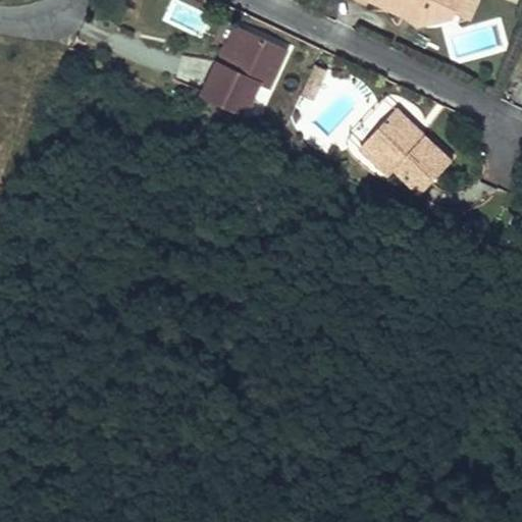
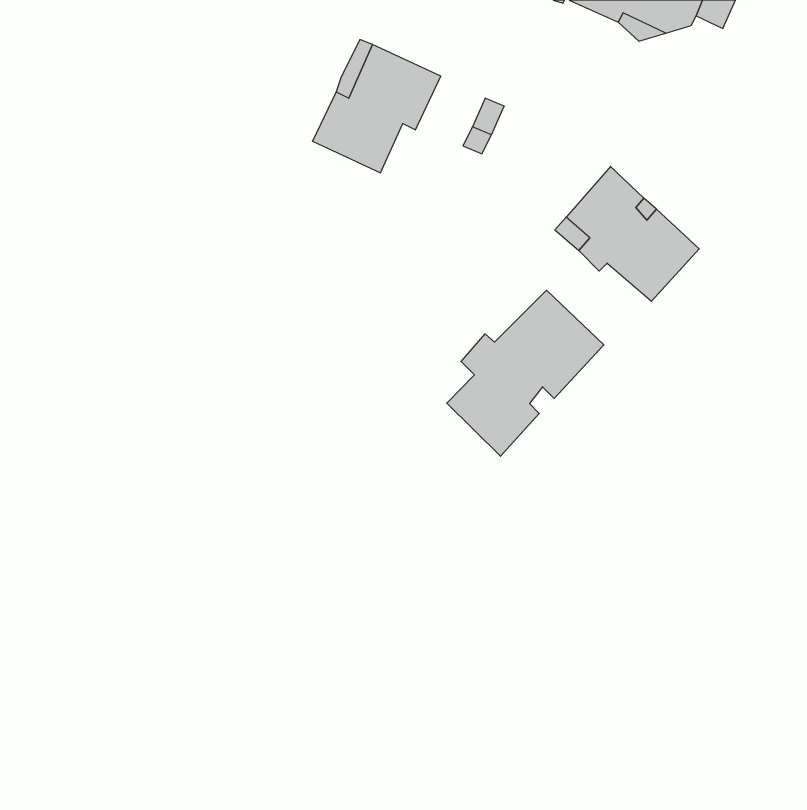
building: none -> [447,290,604,456]

